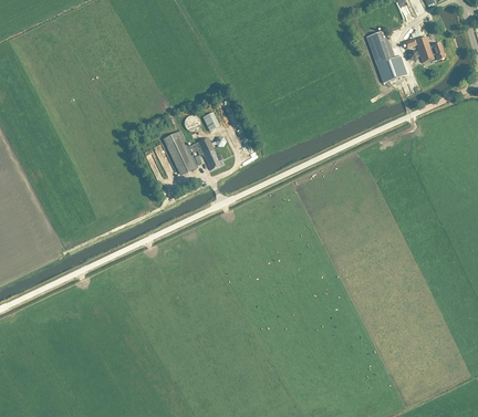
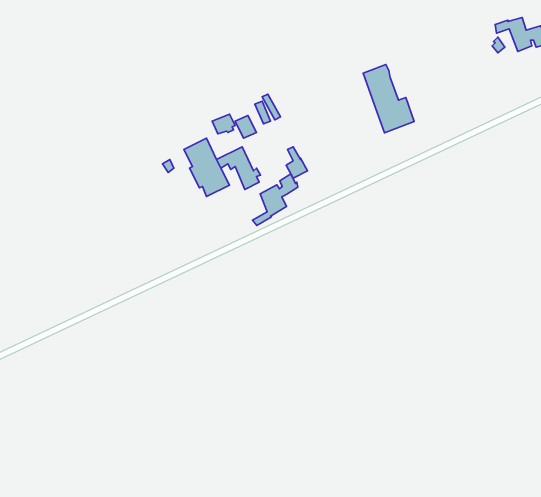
building: [366,29,406,82] -> [363,65,414,133]
building: none -> [253,174,298,225]

